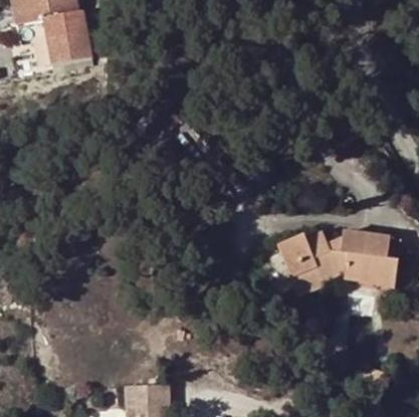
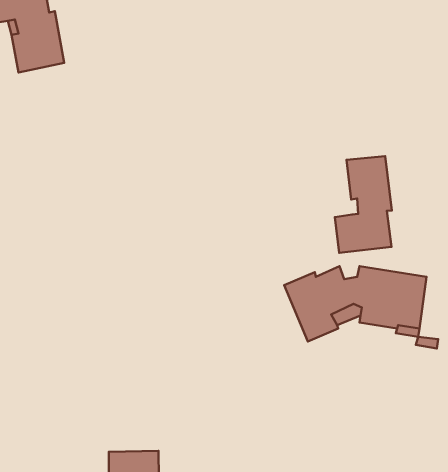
building: none -> [335,156,392,253]

